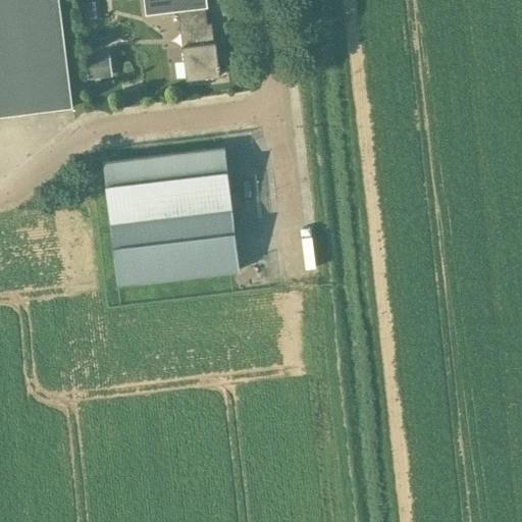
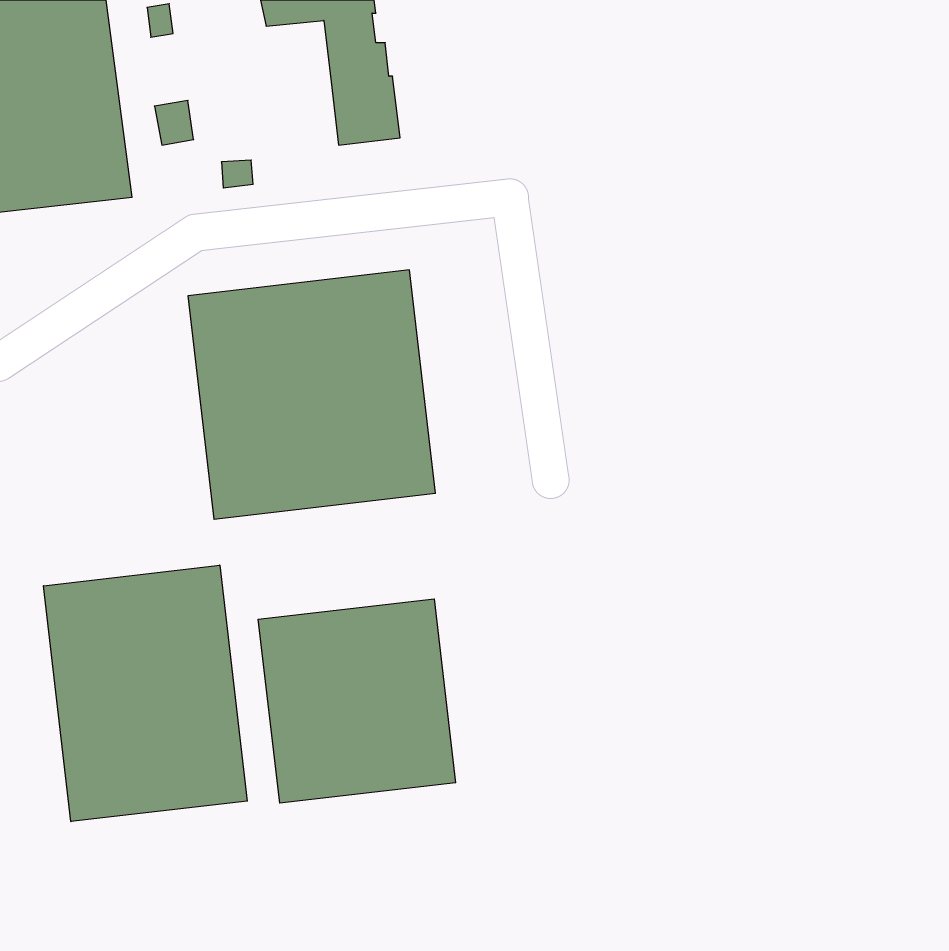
building: none -> [44,565,247,822]
building: none -> [258,599,456,803]

